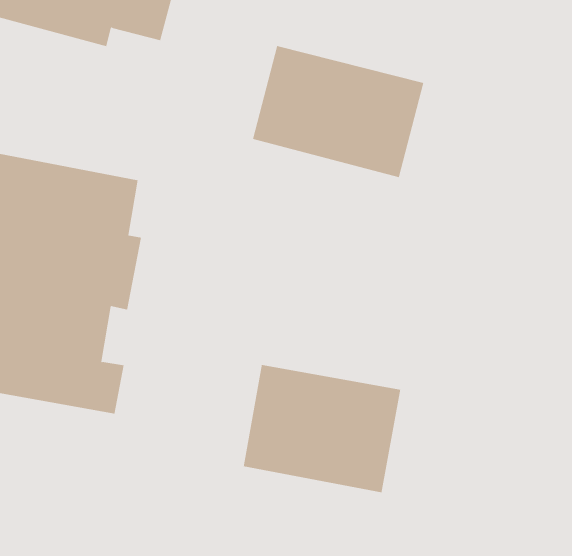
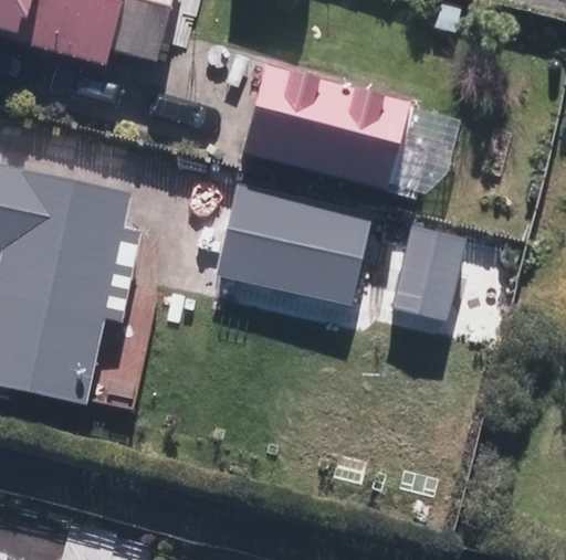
building: none -> [182,189,465,323]
building: [243,364,401,493] -> none

